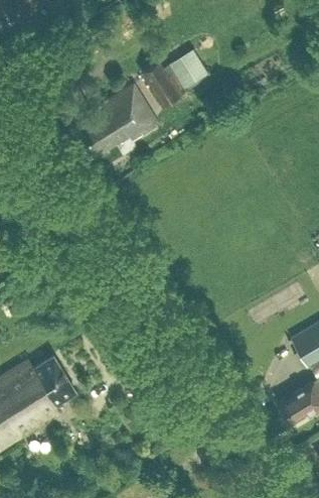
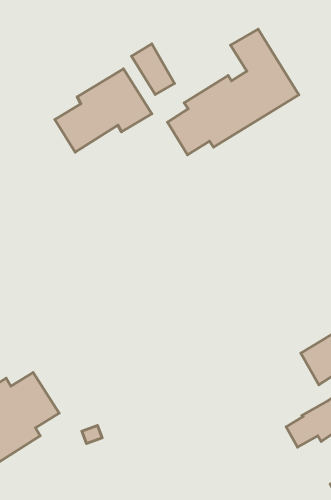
building: none -> [168,29,299,155]
building: [170,51,203,85] -> none

